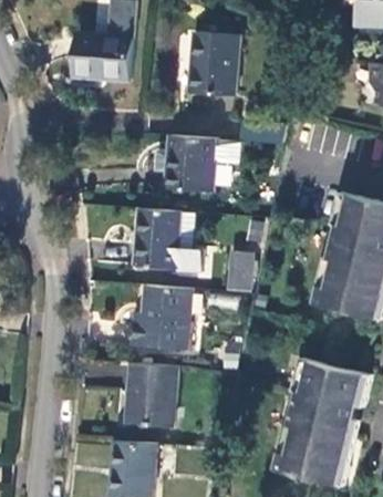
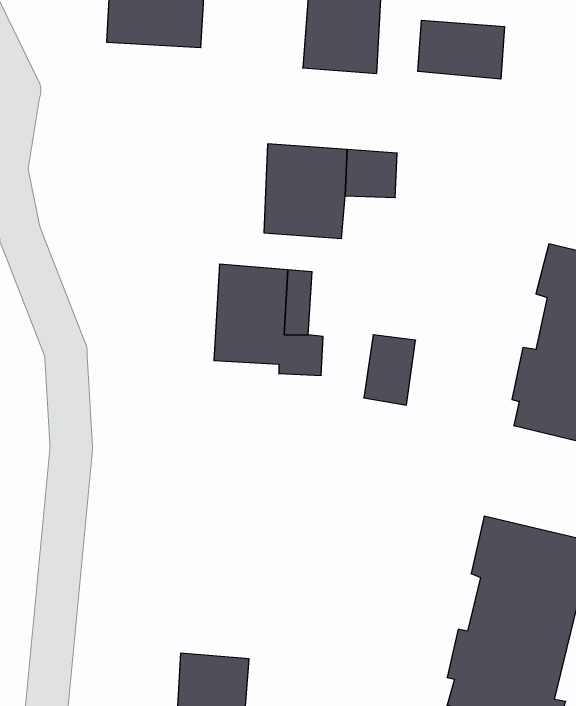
building: none -> [418,20,505,79]
building: [132,286,194,350] -> none
building: [127,362,177,427] -> none

